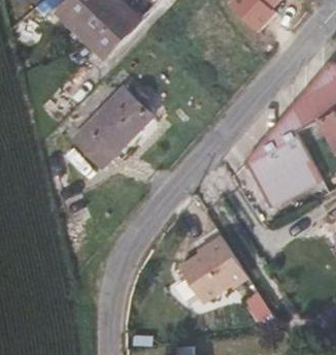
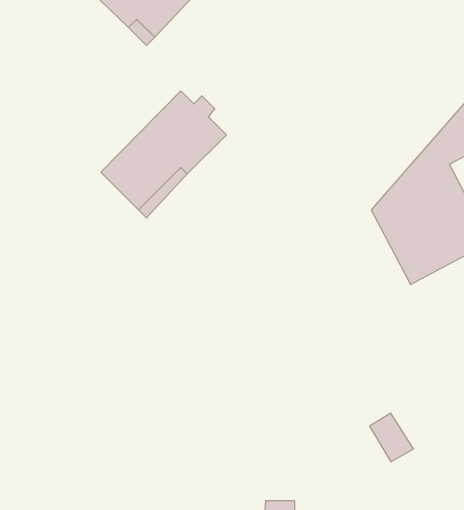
building: [179,235,247,303] -> none

